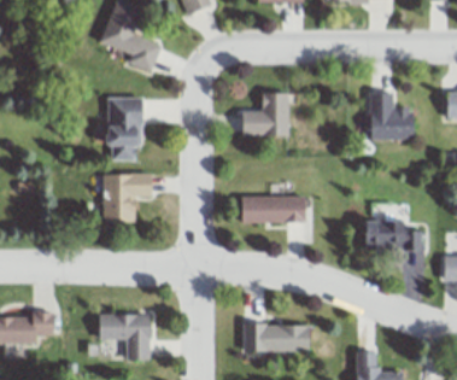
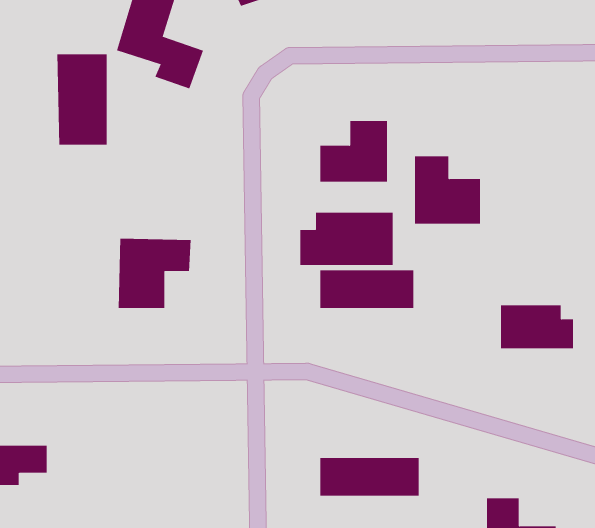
building: [369,92,415,139] -> [414,156,481,224]
building: [107,98,142,160] -> [57,54,107,145]
building: none -> [300,212,393,266]
building: [99,314,150,361] -> none

